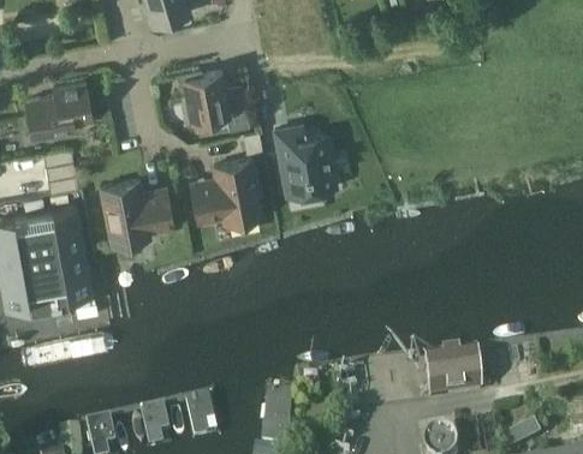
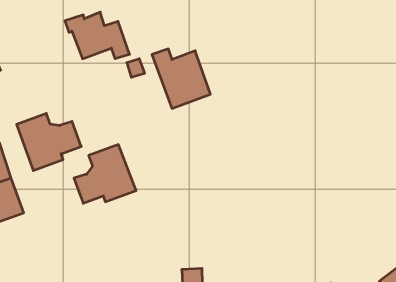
building: [191,157,262,222] -> [74,145,136,203]
building: [424,352,480,396] -> none

